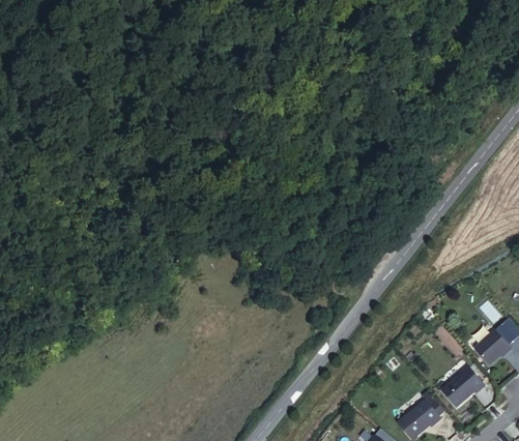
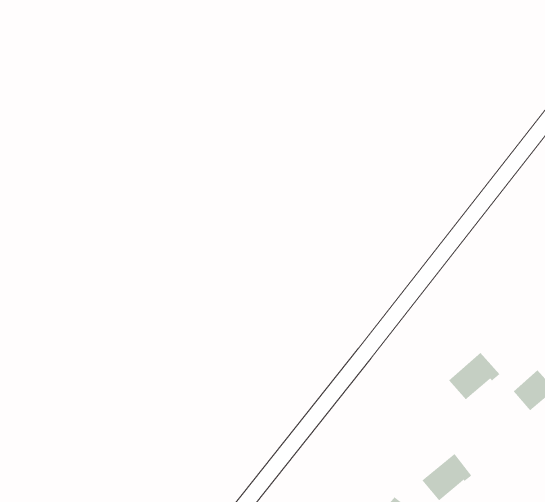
building: [442,365,486,406] -> [448,352,500,400]

